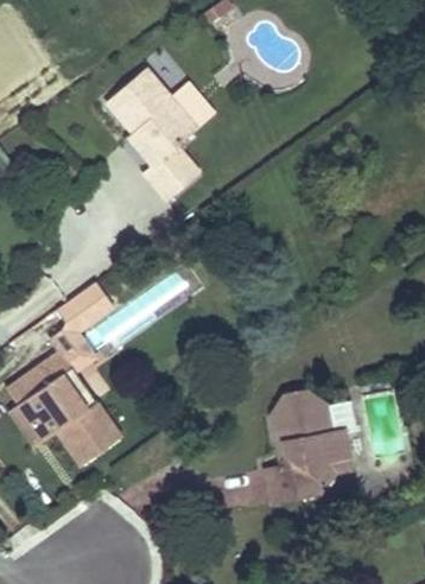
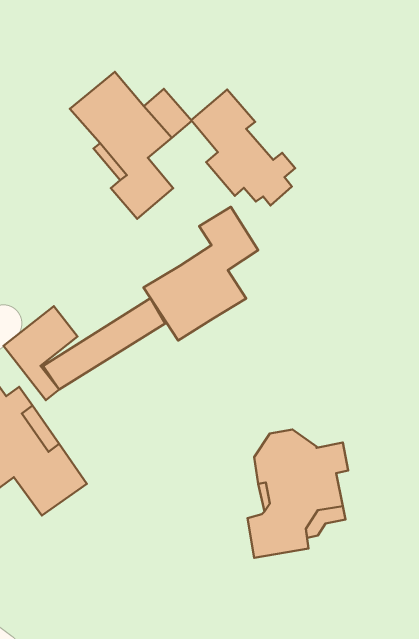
building: none -> [191,89,295,206]
building: none -> [144,207,258,341]

